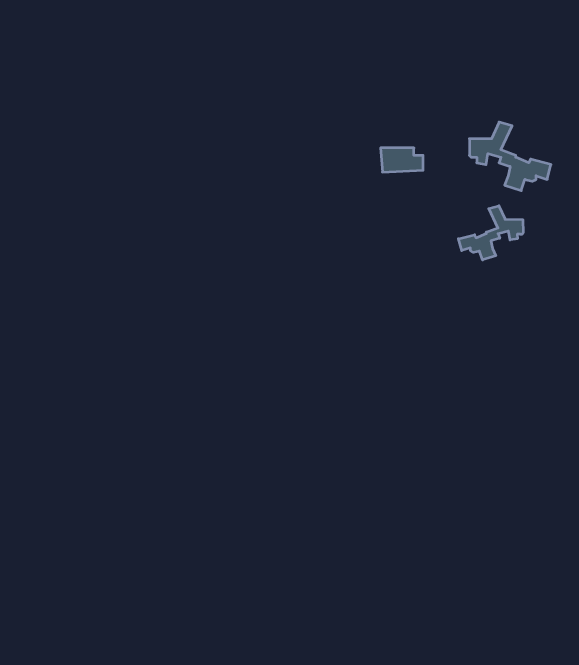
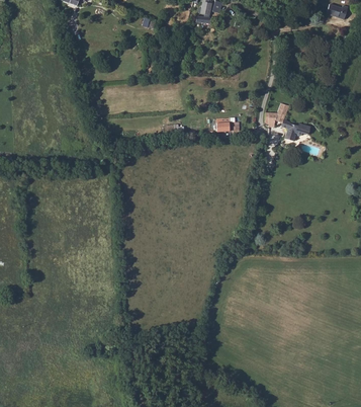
building: [458,206,523,260] -> none

